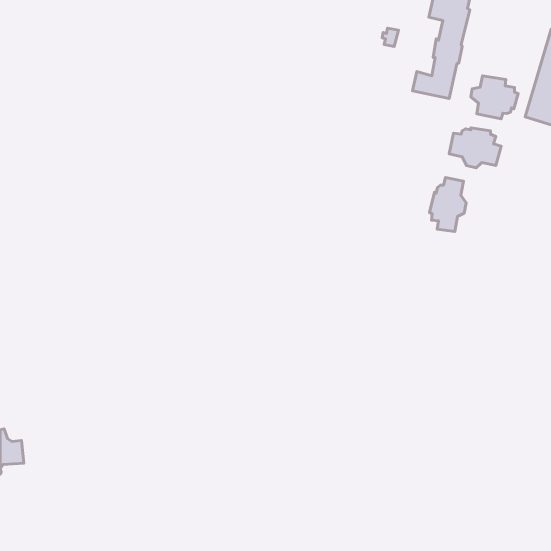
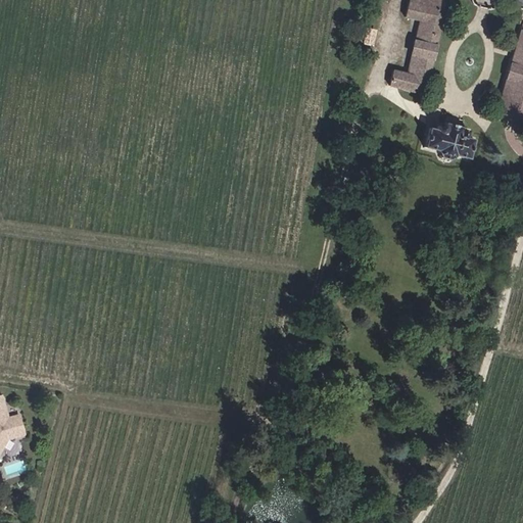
building: [471,76,518,119] -> none
building: [429,177,466,232] -> none

